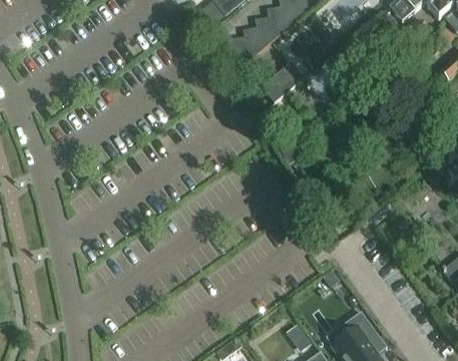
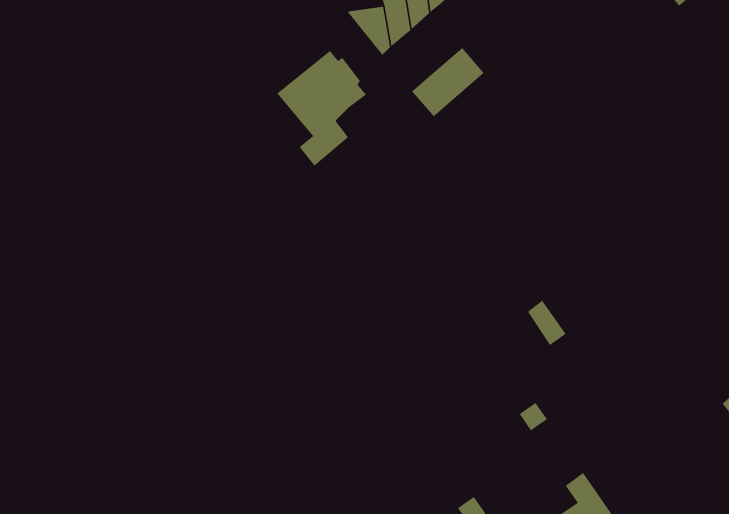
building: none -> [276,50,367,167]

